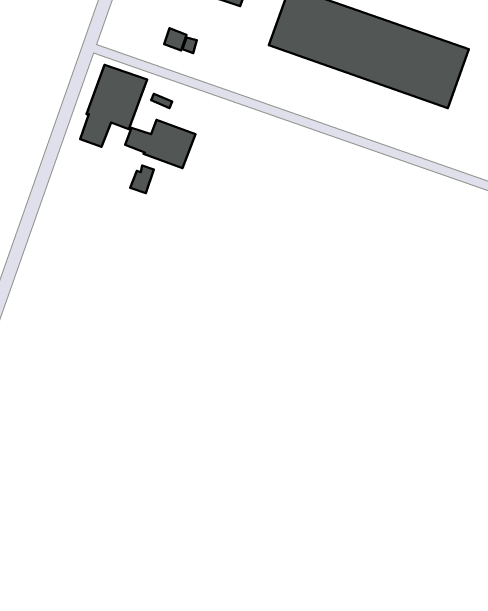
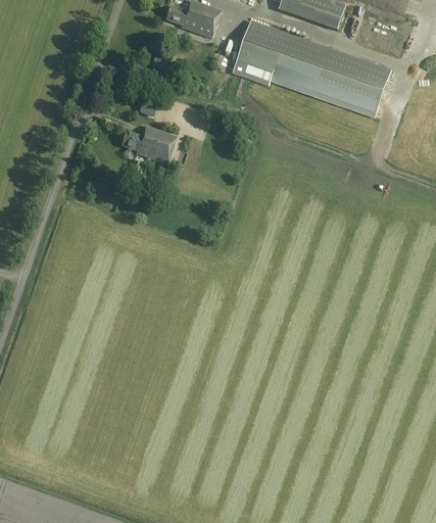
building: [80,65,147,147] -> none

